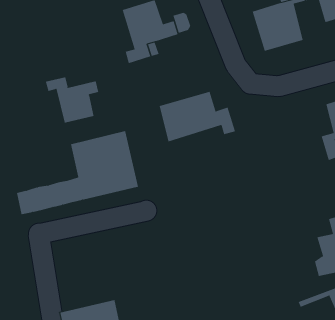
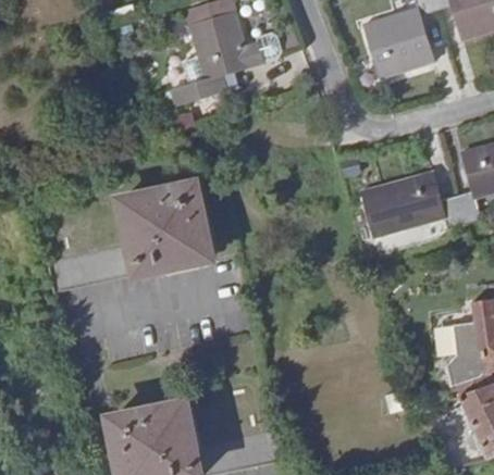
building: [45,76,99,124] -> none
building: [159,91,236,142] -> [363,170,466,237]

